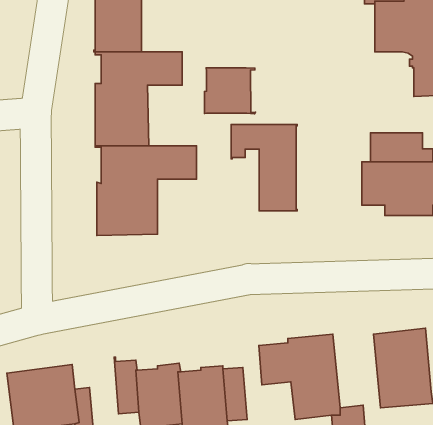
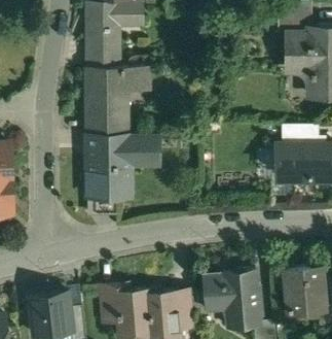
building: [204,68,255,114] -> none
building: [231,125,297,211] -> none

